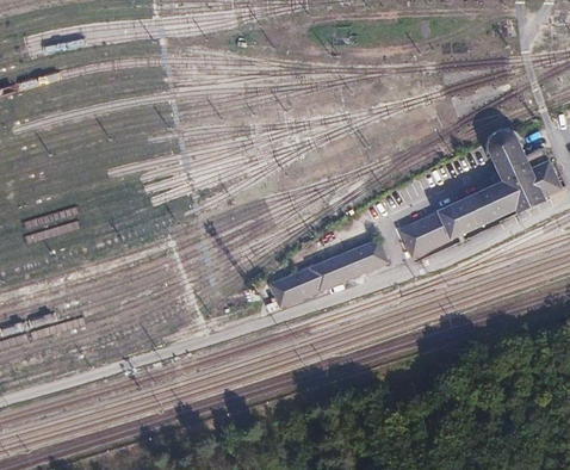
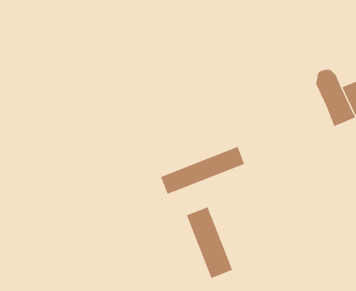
building: [397,183,513,260] -> none
building: none -> [186,206,233,279]

